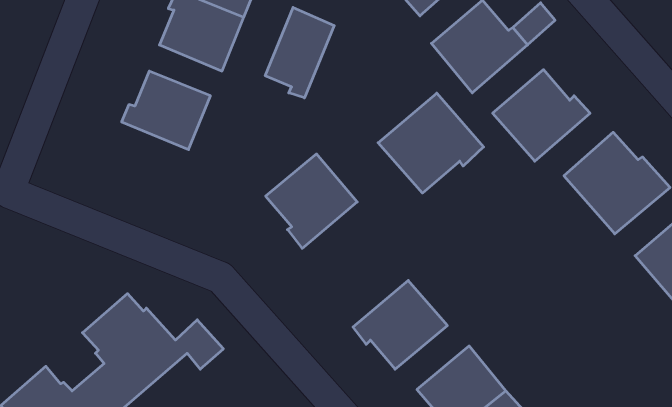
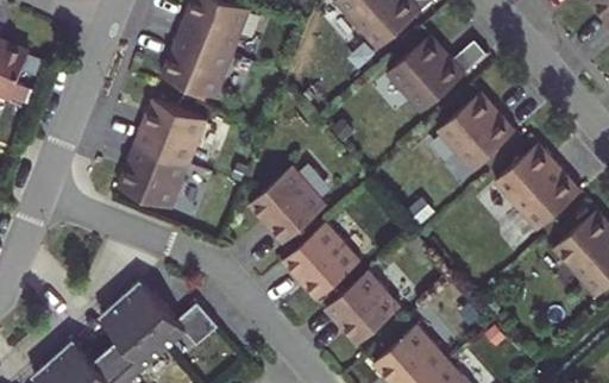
building: [265,7,334,98] -> none
building: [378,93,484,193] -> none
building: none -> [120,138,188,205]
building: none -> [280,220,357,293]

